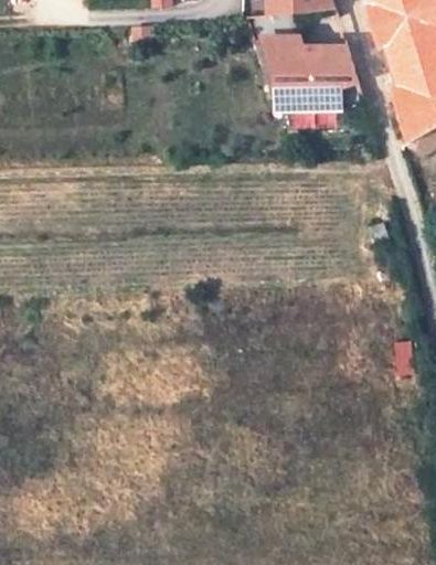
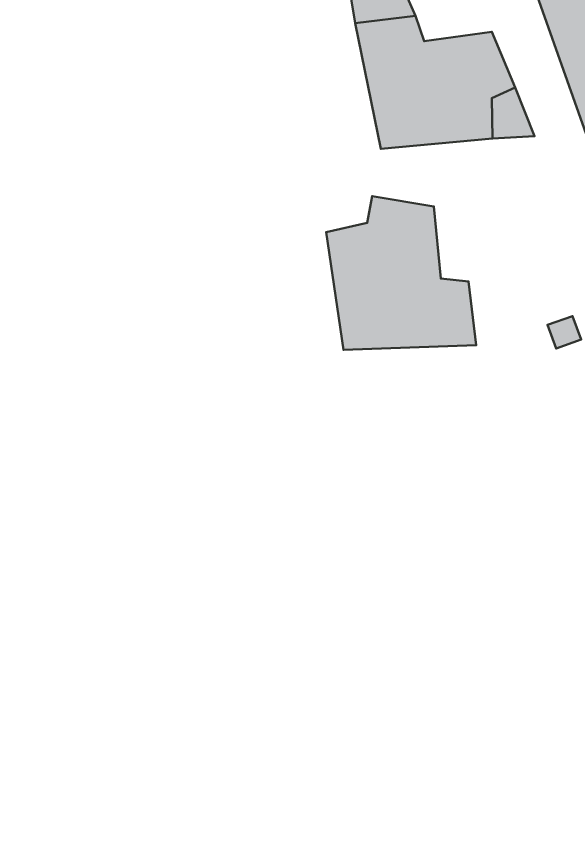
building: none -> [326,196,476,350]

